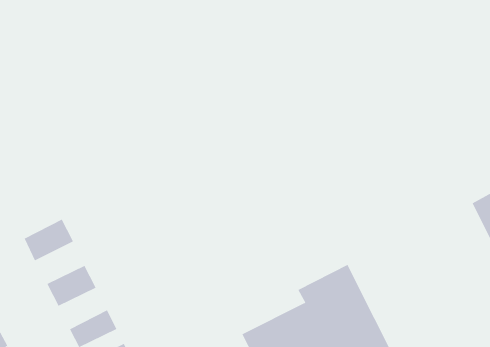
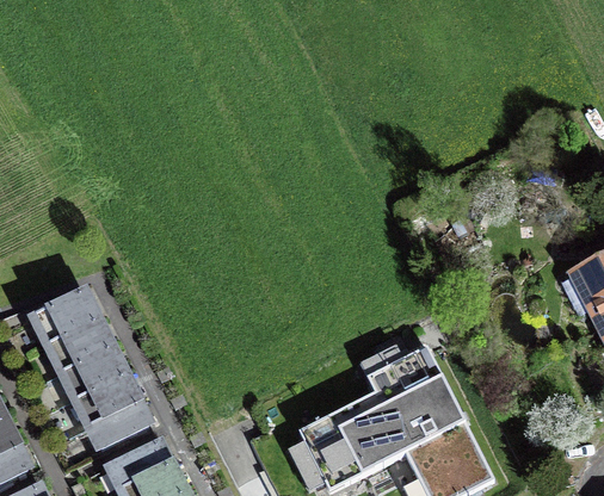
building: none -> [48,320,109,371]
building: none -> [76,376,136,426]

